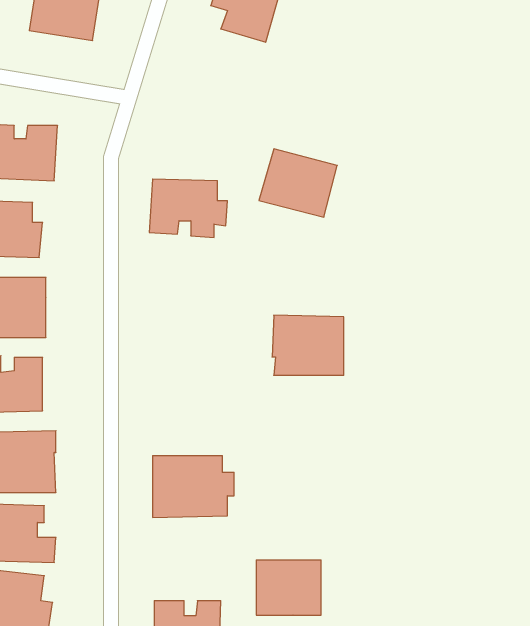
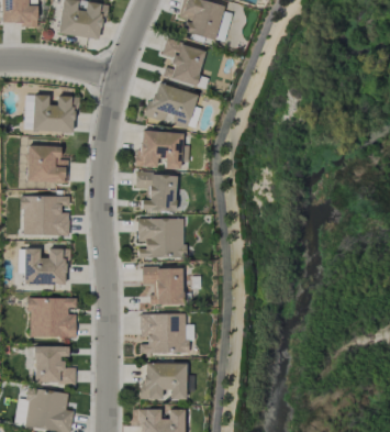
building: none -> [161,40,205,85]
building: [259,149,337,217] -> [145,82,197,128]
building: none -> [135,171,176,211]
building: [272,315,344,375] -> [136,218,183,257]
building: none -> [142,266,183,304]
building: [256,560,321,615] -> [143,363,186,399]

